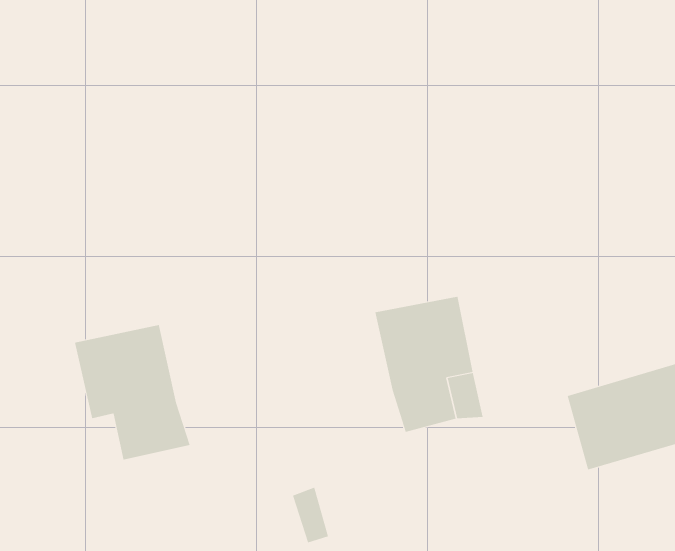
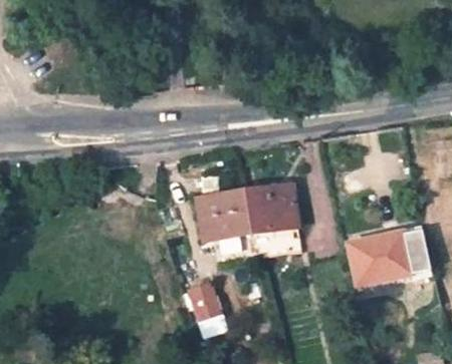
building: [74,325,190,460] -> [196,189,257,263]

